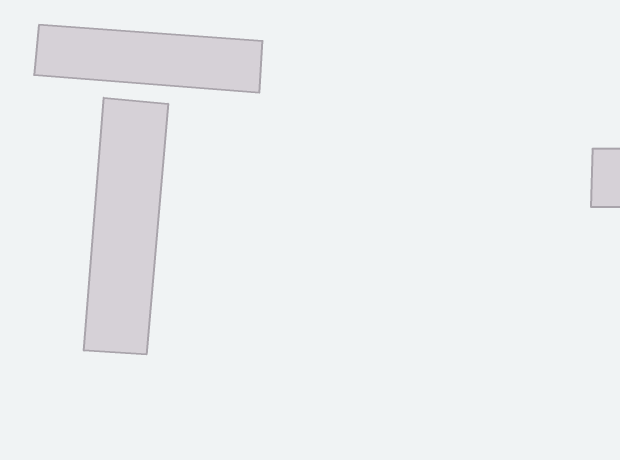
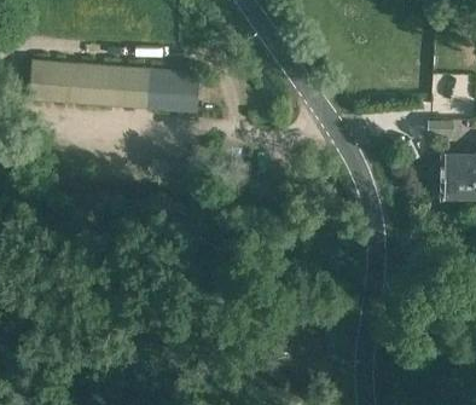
building: [84,98,168,354] -> none

